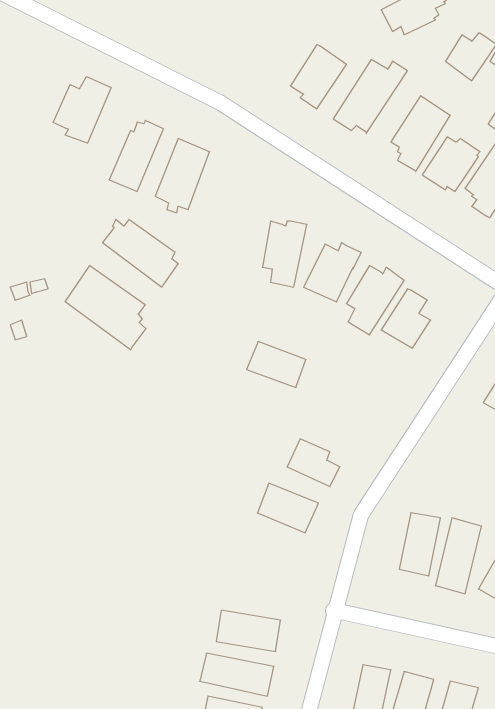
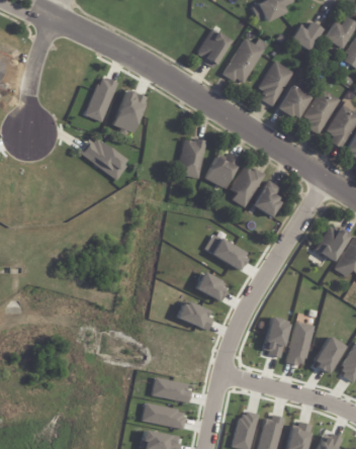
building: [53,77,111,143] -> none
building: [65,265,146,350] -> none
building: [247,341,306,388] -> [210,239,247,267]

